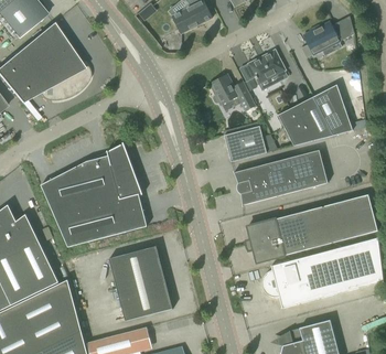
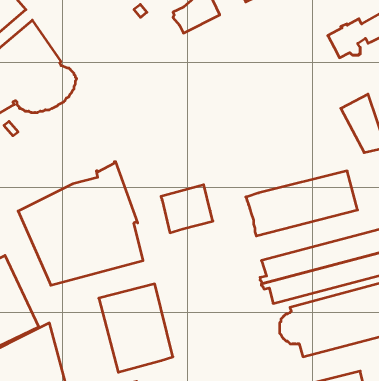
building: [248,50,287,88] -> none
building: [210,74,256,110] -> none
building: [278,97,334,144] -> none
building: [223,121,267,162] -> [161,185,213,233]

